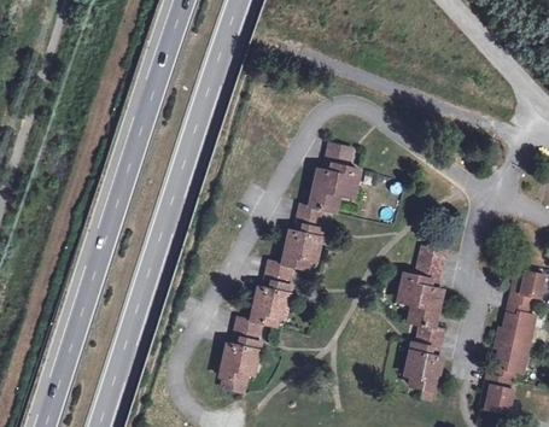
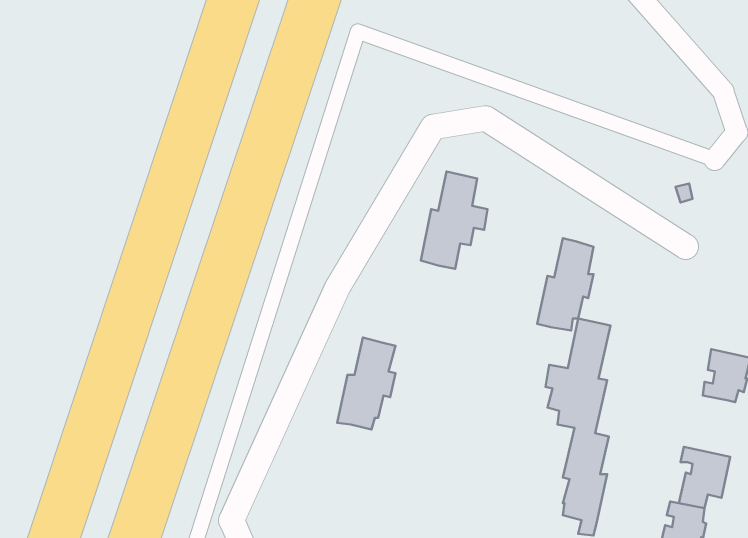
building: [282,204,322,269] -> [537,238,593,331]
building: [496,302,535,345] -> none
building: [220,317,261,392] -> none

